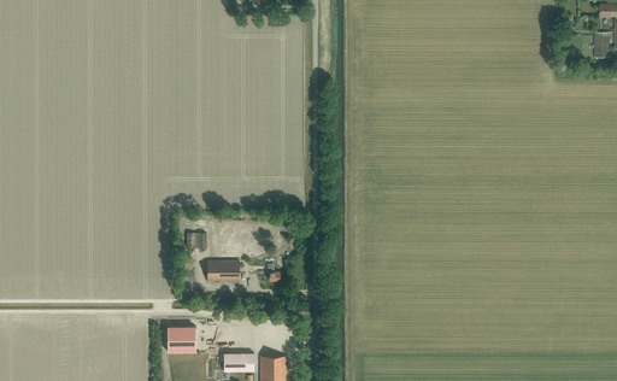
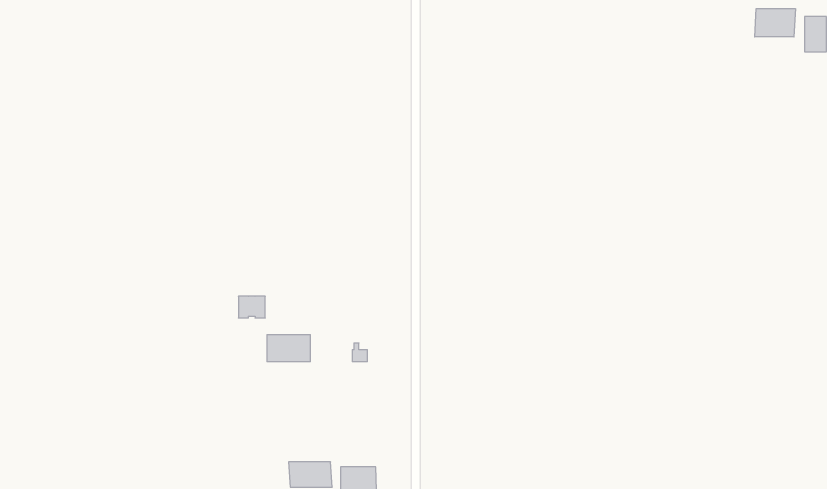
building: none -> [755,9,795,37]
building: [168,327,190,353] -> none

